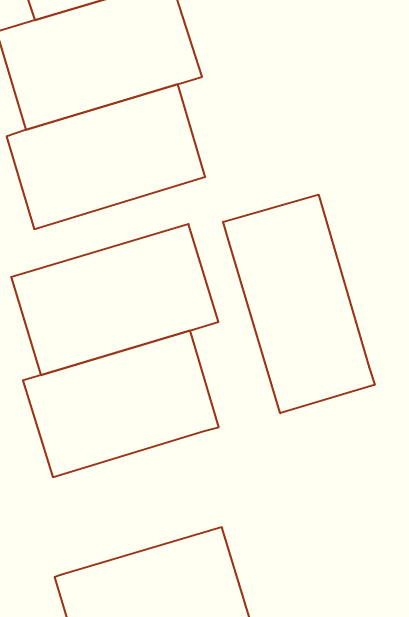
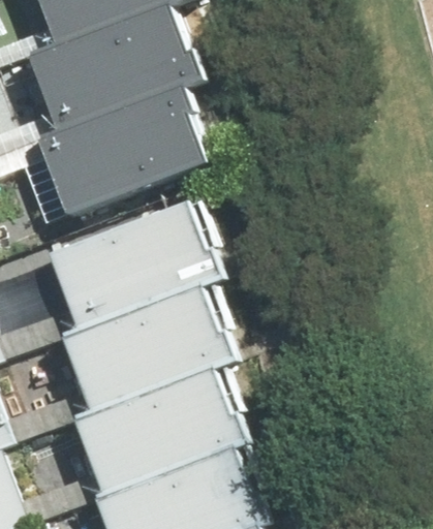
building: [223,195,375,413] -> none
building: none -> [78,367,241,491]

